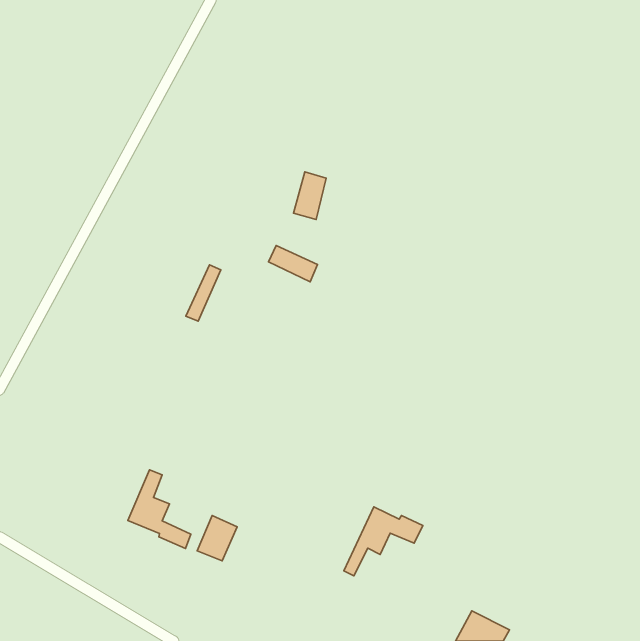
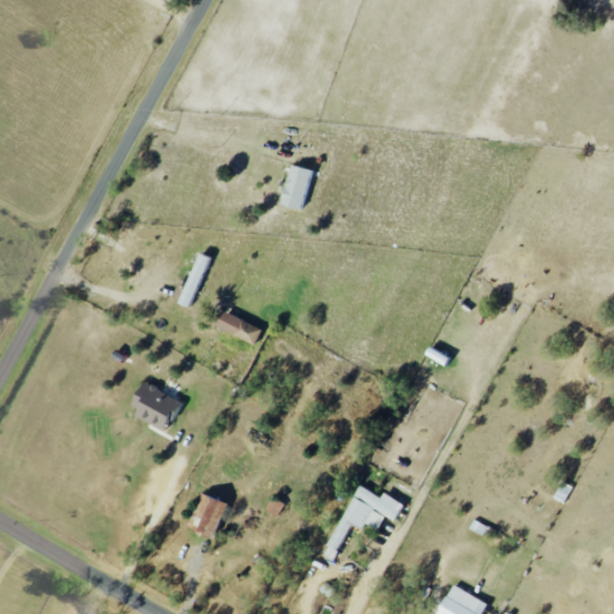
building: [269,246,318,282] -> [216,311,263,345]
building: none -> [130,383,179,431]
building: [128,470,191,548] -> none

